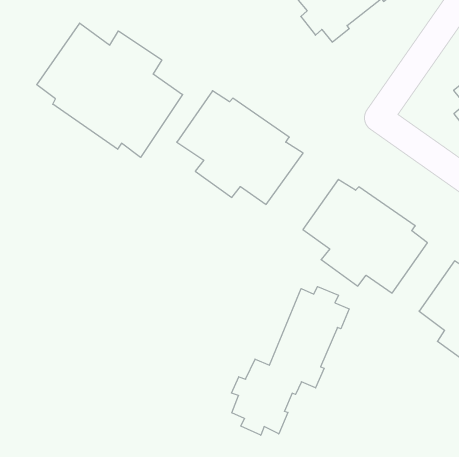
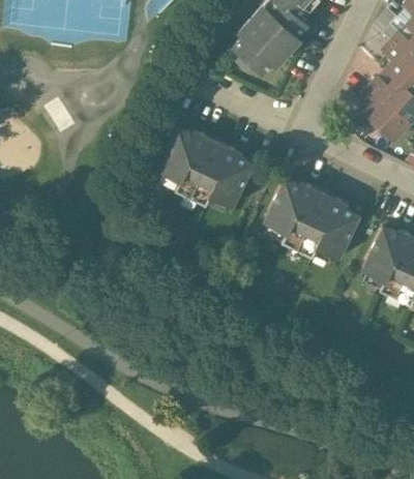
building: [37,23,183,157] -> none
building: [232,287,349,435] -> none

